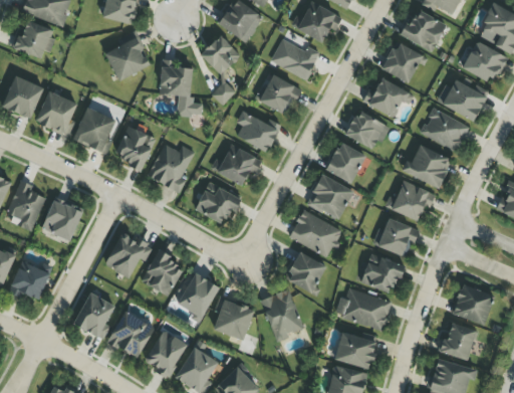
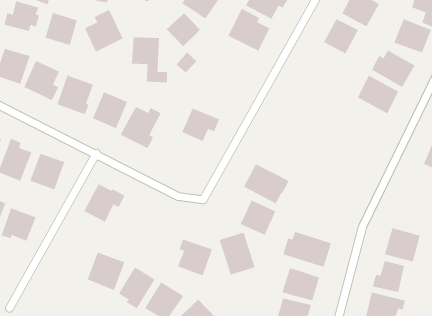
building: none -> [45,12,77,46]
building: [254,73,299,115] -> none
building: [363,76,414,118] -> none
building: [236,110,281,152] -> none
building: [345,110,390,149] -> none
building: [325,141,365,183] -> none
building: [402,145,452,187] -> none
building: [306,173,353,220] -> none
building: [391,180,436,220] -> none
building: [195,181,239,224] -> none
building: [372,217,418,257] -> none
building: [141,248,183,296] -> none
building: [358,251,404,294] -> none
building: [173,270,219,317] -> none
building: [73,291,115,340] -> none

